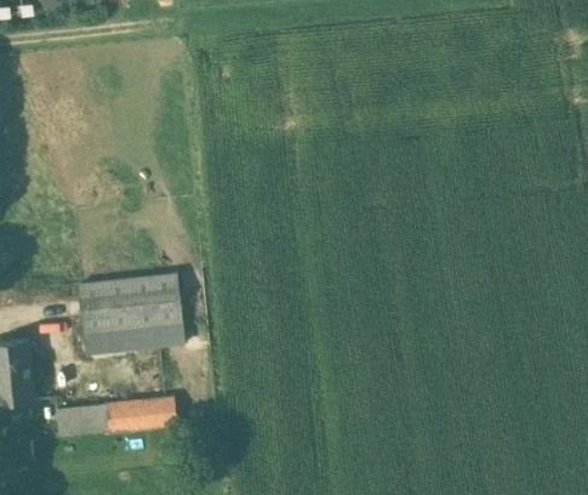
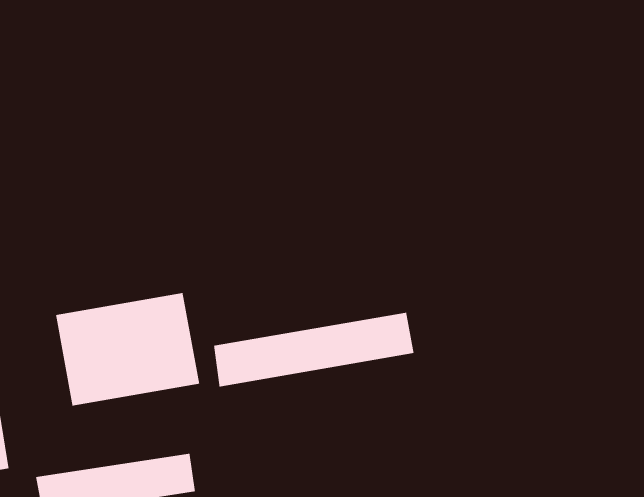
building: none -> [213,312,415,388]

